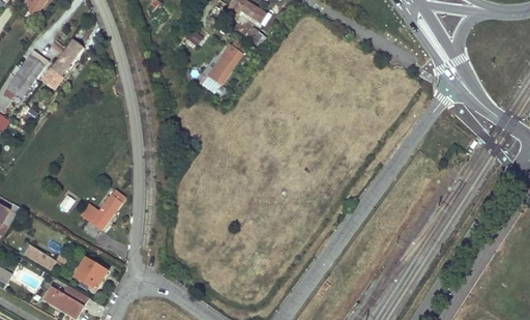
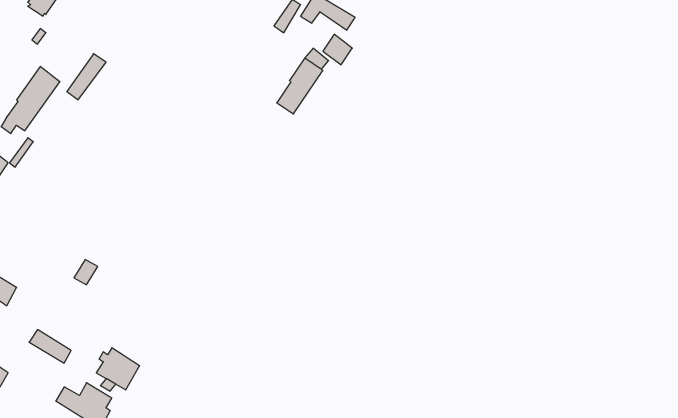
building: [83,195,121,237] -> none

